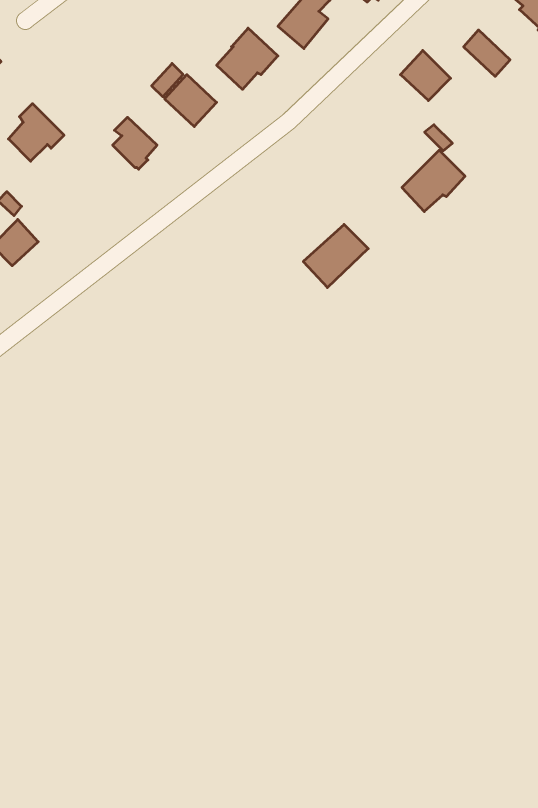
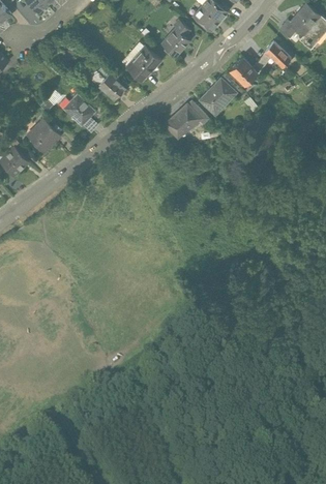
building: [8,104,64,161] -> [30,118,61,150]
building: [402,150,465,212] -> [201,79,236,113]
building: [303,224,368,288] -> [165,104,201,140]

